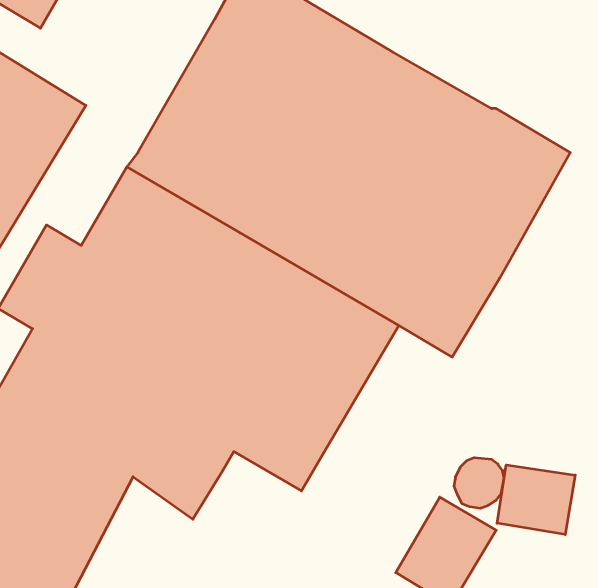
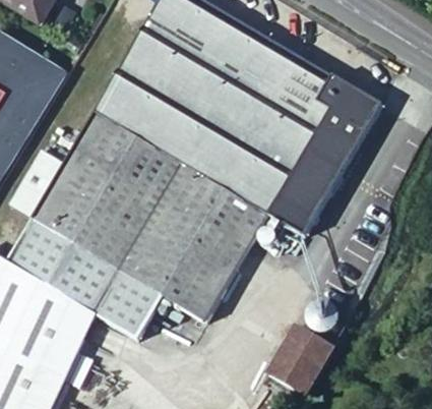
building: [497,465,575,535] -> none

